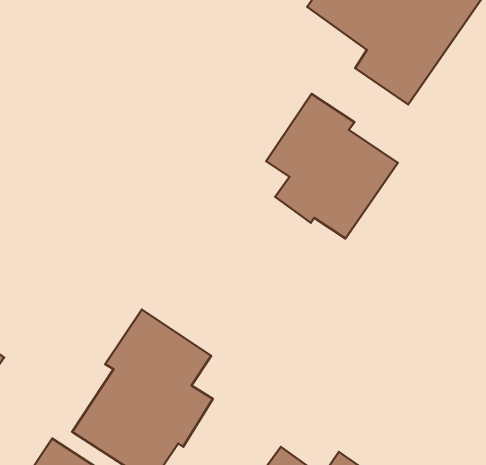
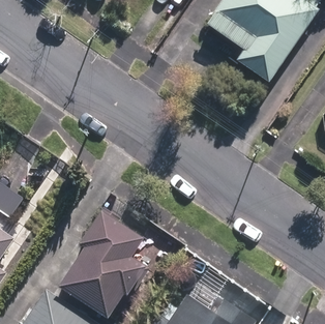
building: [266,94,398,239] -> none

